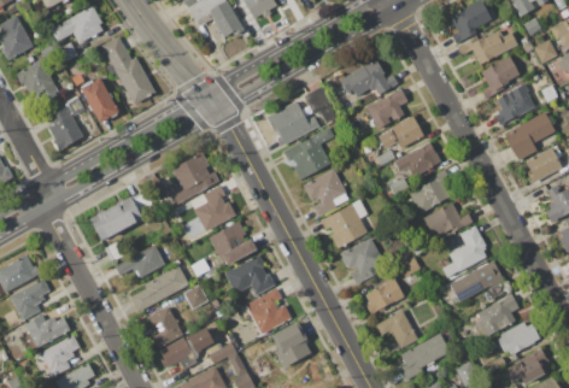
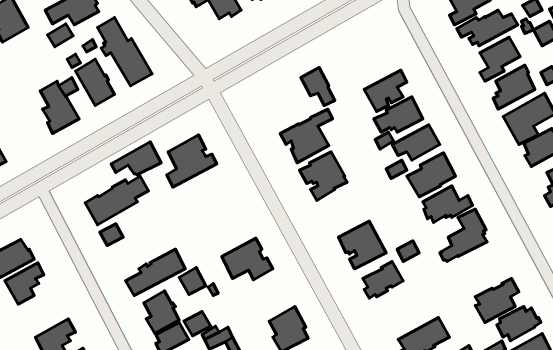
building: [340,59,399,95] -> none
building: [17,60,58,102] -> none
building: [266,100,319,147] -> none
building: [192,186,236,231] -> none
building: [322,199,369,248] -> none
building: [209,221,257,265] -> none
building: [116,245,165,277] -> [111,142,161,175]
building: [450,261,510,301] -> none
building: [241,288,293,335] -> none
building: [376,311,418,349] -> none
building: [25,314,71,347] -> none

